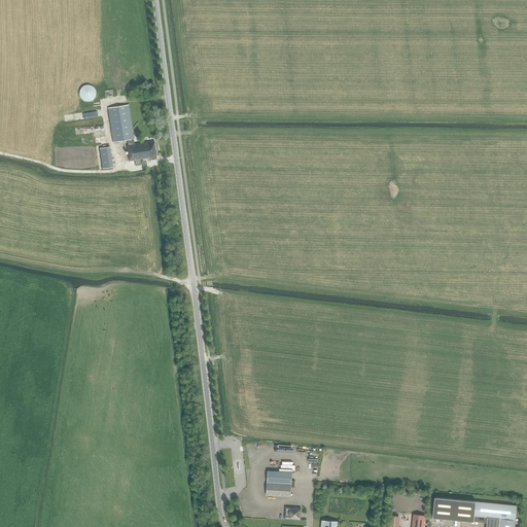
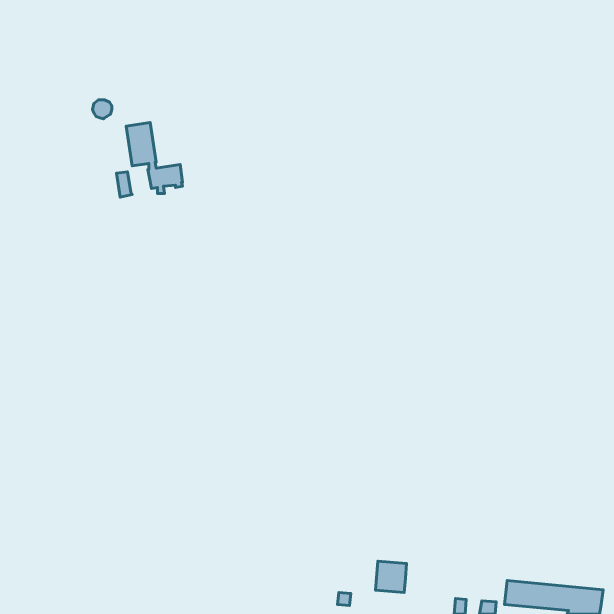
building: [266,470,292,497] -> [375,561,407,592]

